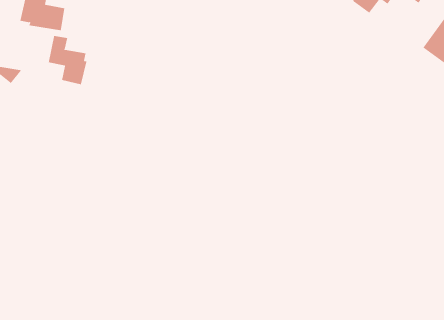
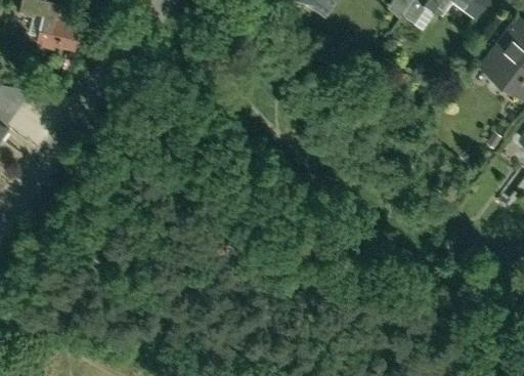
building: [48,35,87,85] -> none

